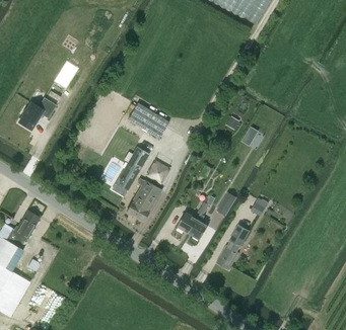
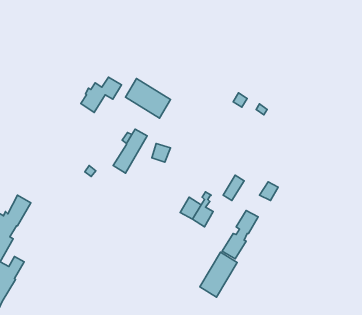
building: [17,98,55,131] -> [81,77,122,112]
building: [126,179,160,222] -> none
building: none -> [200,252,237,297]

